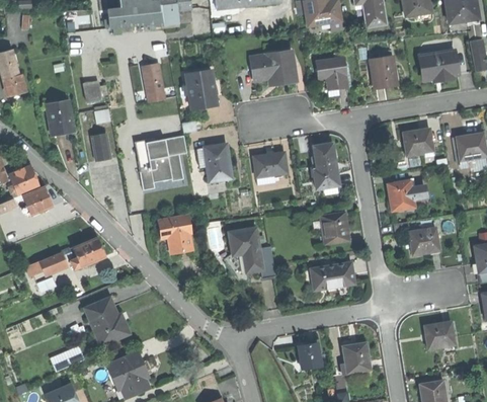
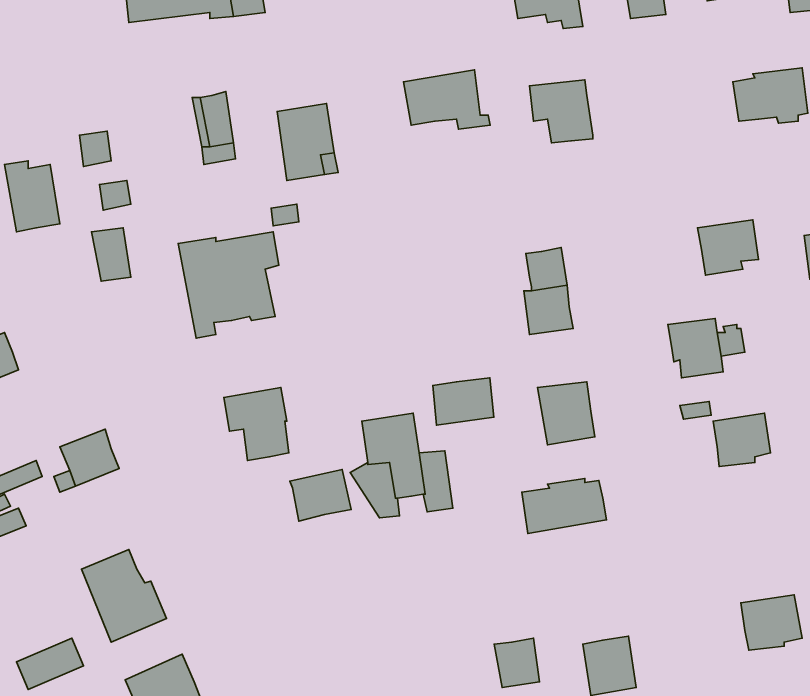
building: [371,56,396,87] -> none
building: [196,144,231,180] -> none
building: [254,153,286,177] -> [433,378,494,425]
building: none -> [290,469,351,521]

